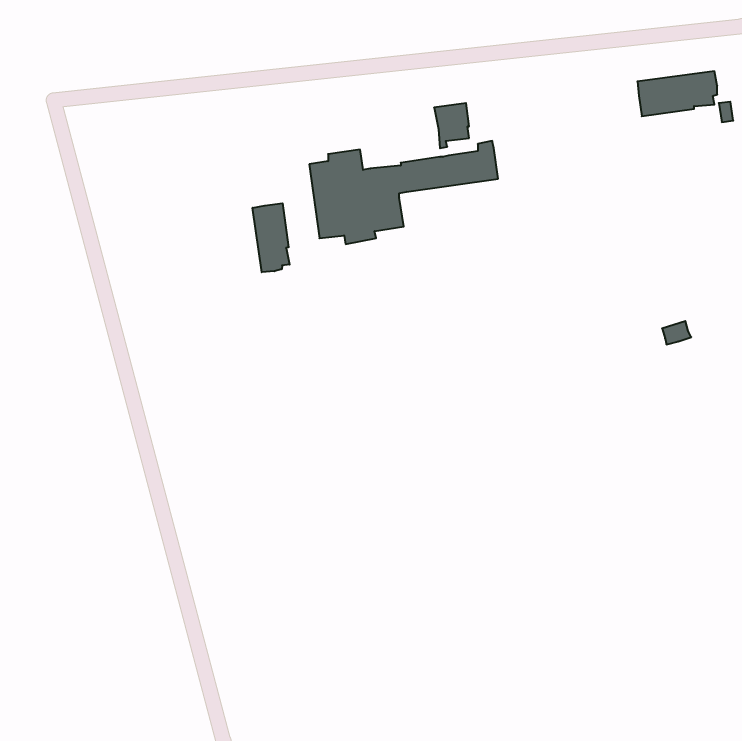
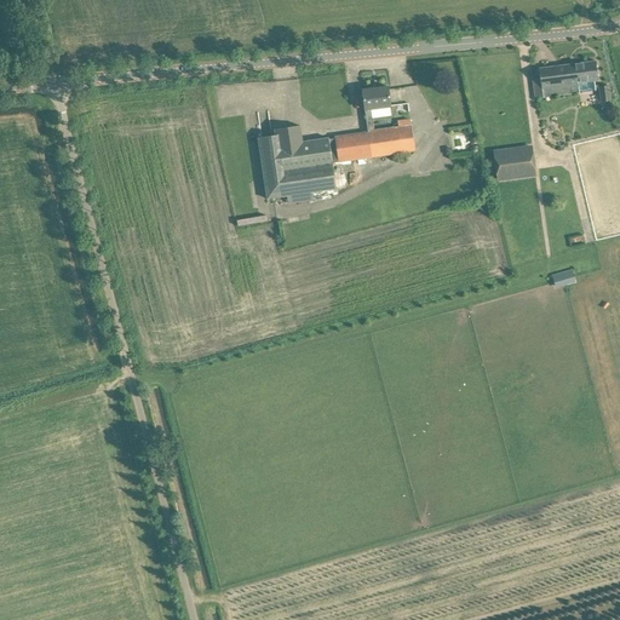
building: none -> [493,144,536,182]
building: [253,203,290,272] -> none

